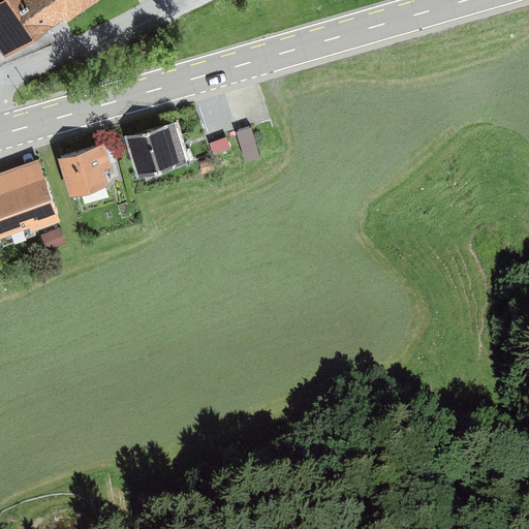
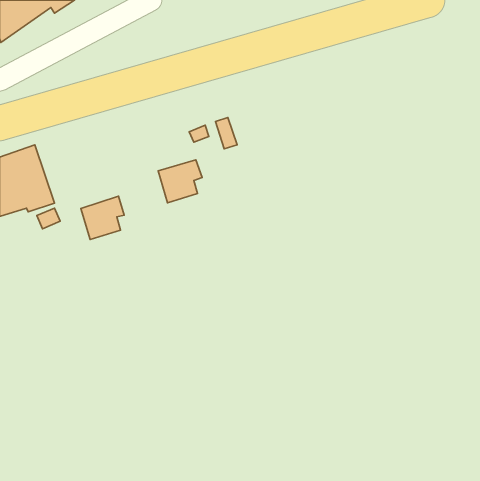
building: [127,127,176,175] -> [158,160,202,203]
building: [60,148,107,195] -> [81,196,124,240]

